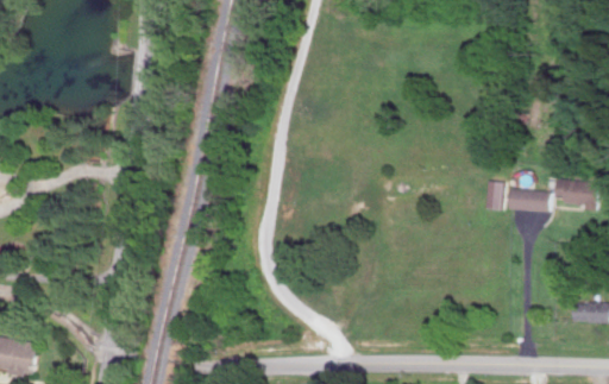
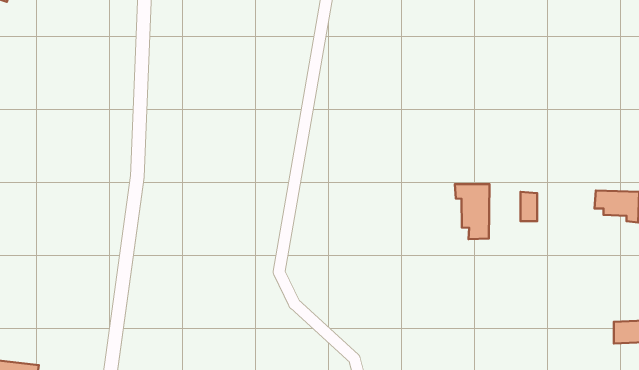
building: none -> [455,184,489,239]
building: [508,189,550,210] -> none

